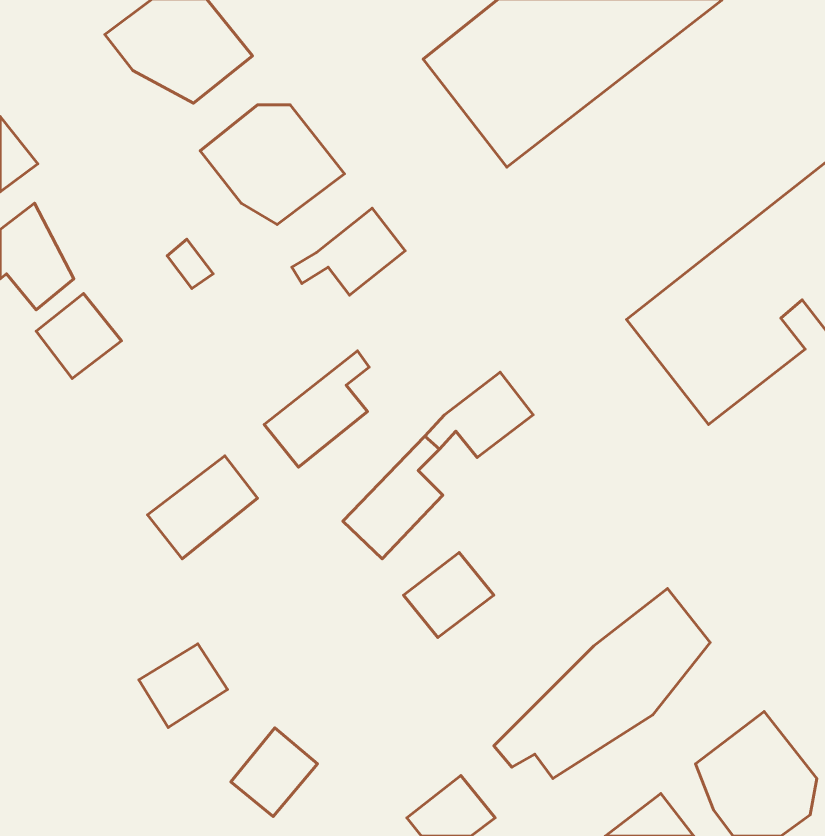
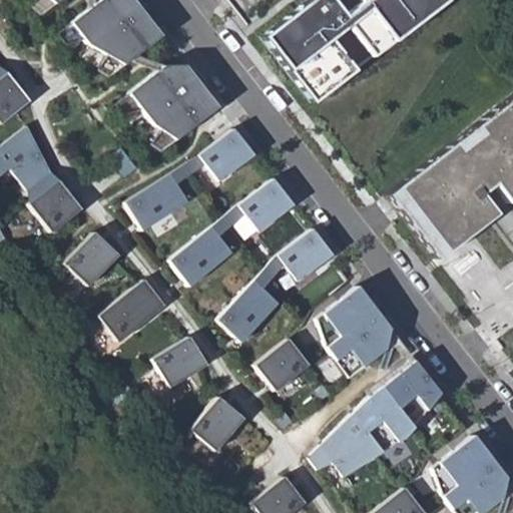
building: none -> [125,163,192,229]
building: none -> [226,177,295,230]
building: none -> [65,230,119,285]
building: none -> [316,286,391,377]
building: [139,644,227,727] -> [153,336,207,387]
building: [231,728,318,816] -> [191,396,244,450]

